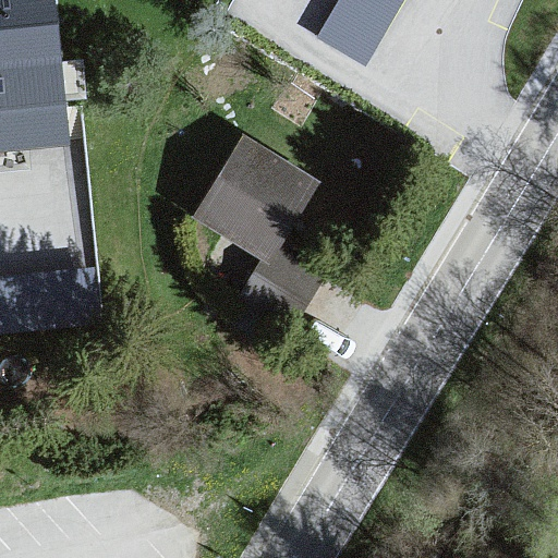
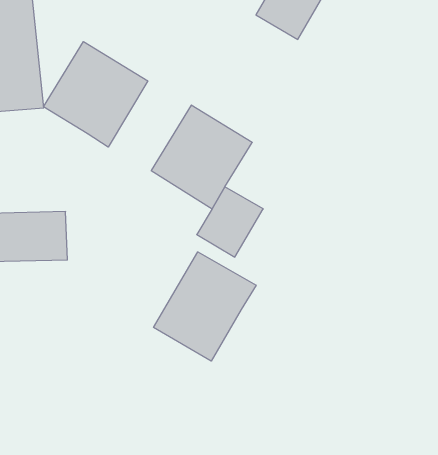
building: none -> [44,42,148,147]
building: none -> [154,252,256,361]

